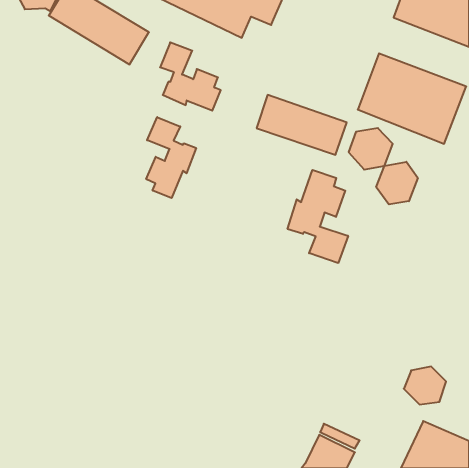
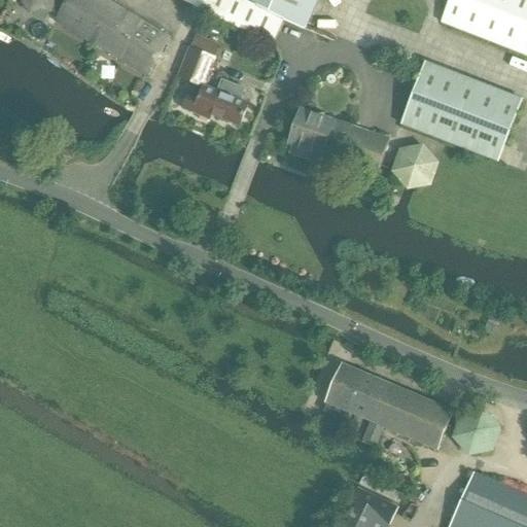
building: [146,117,196,198] -> none
building: [376,162,418,204] -> none
building: [288,170,348,263] -> none
building: none -> [322,361,453,448]

